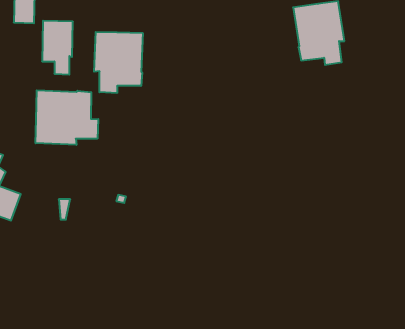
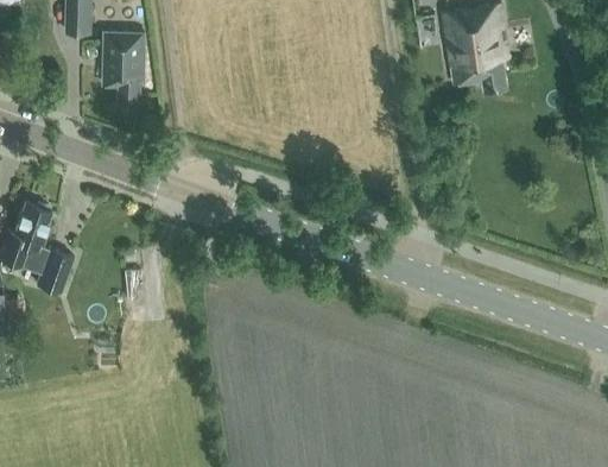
building: [94,32,143,93] -> none
building: [36,90,98,145] -> none

